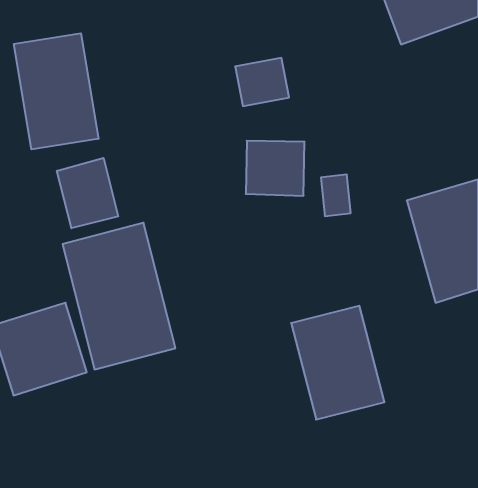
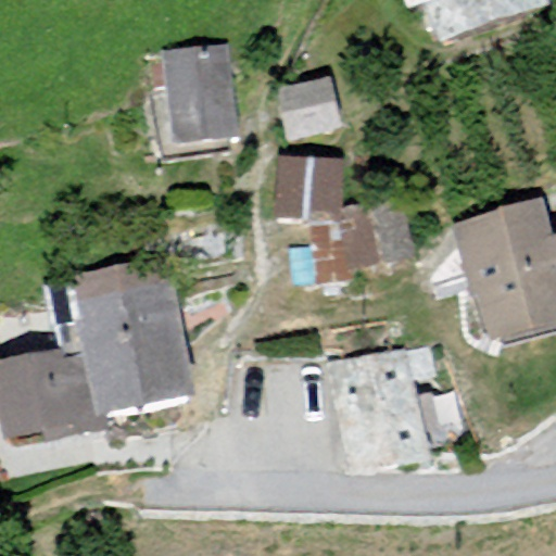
building: [14,33,98,149] -> none
building: none -> [160,48,239,137]
building: [57,158,118,228] -> none

